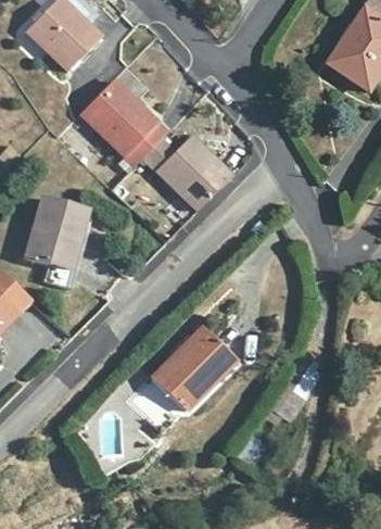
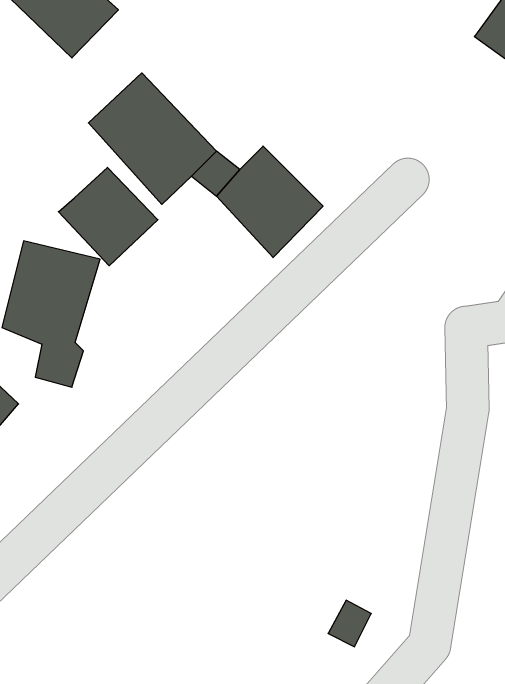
building: none -> [58,167,158,266]
building: [141,323,229,410] -> none

